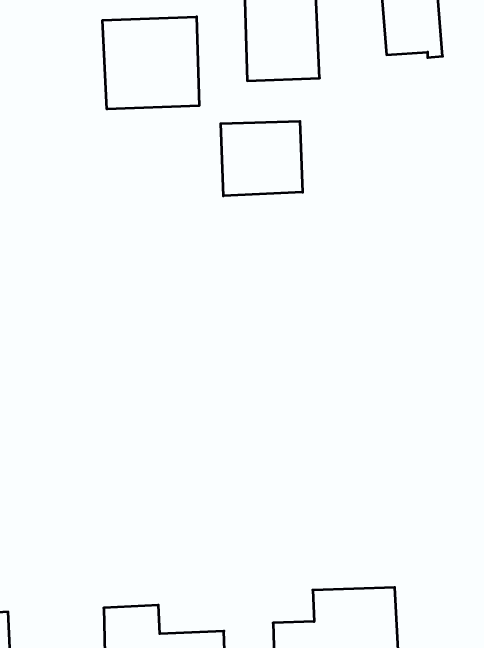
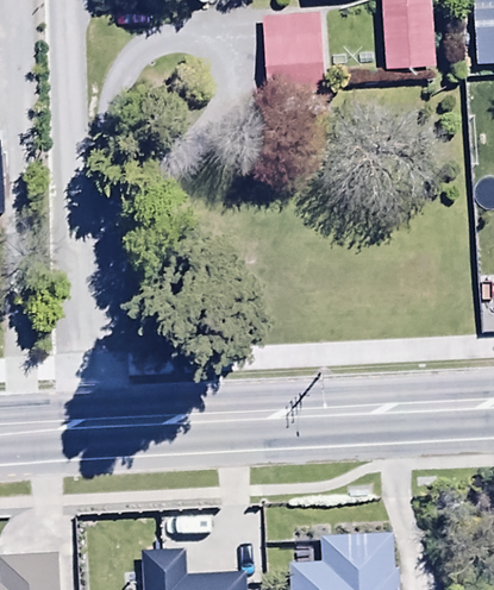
building: [103,17,199,109] -> none
building: [221,121,303,196] -> none

